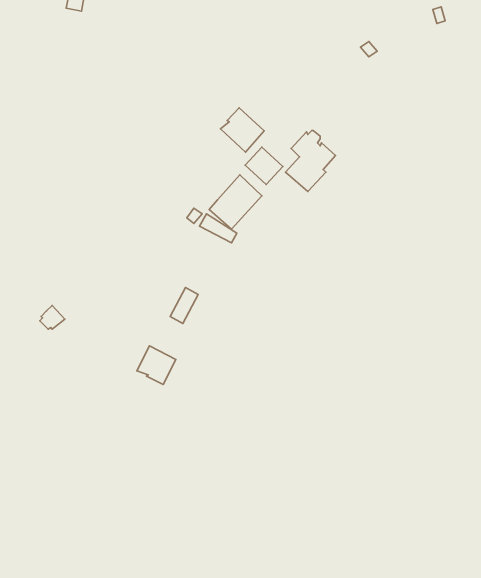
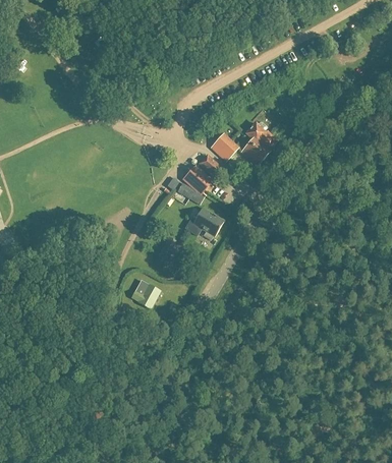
building: [221,108,264,152] -> none
building: none -> [183,208,224,239]

